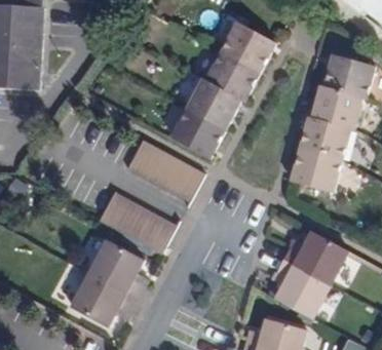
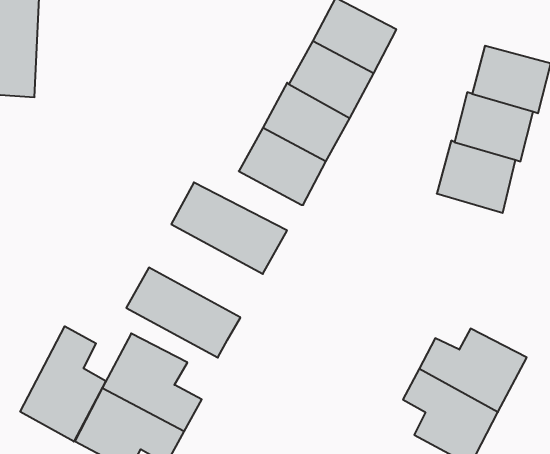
building: [289,150,339,193] -> none
building: none -> [20,326,106,442]

